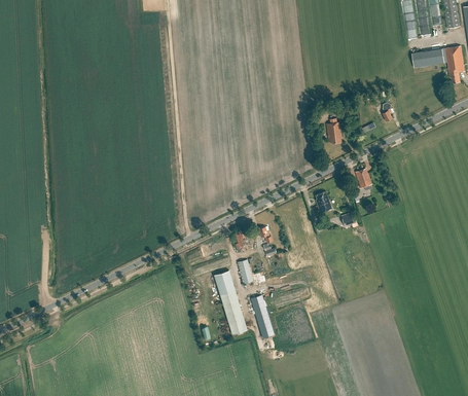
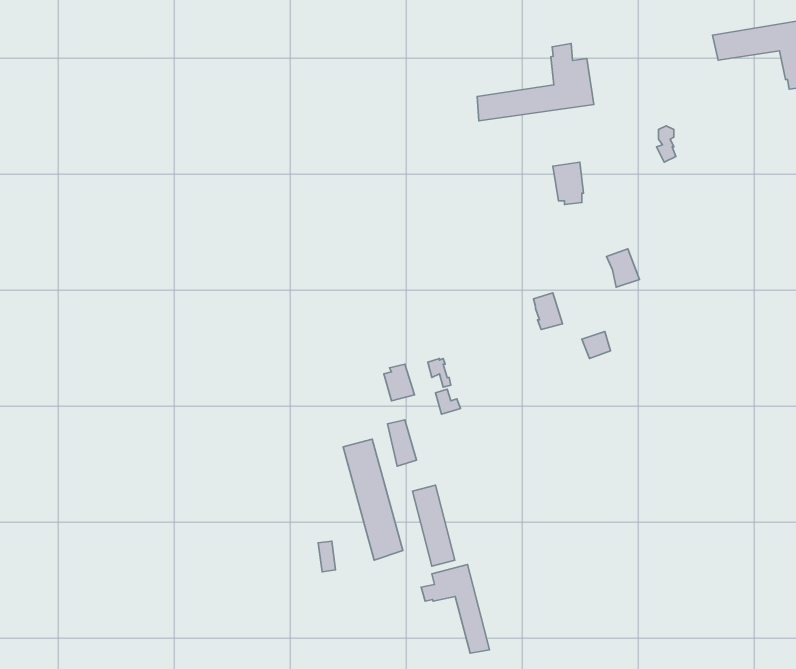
building: none -> [477,44,594,121]
building: none -> [421,564,490,653]

